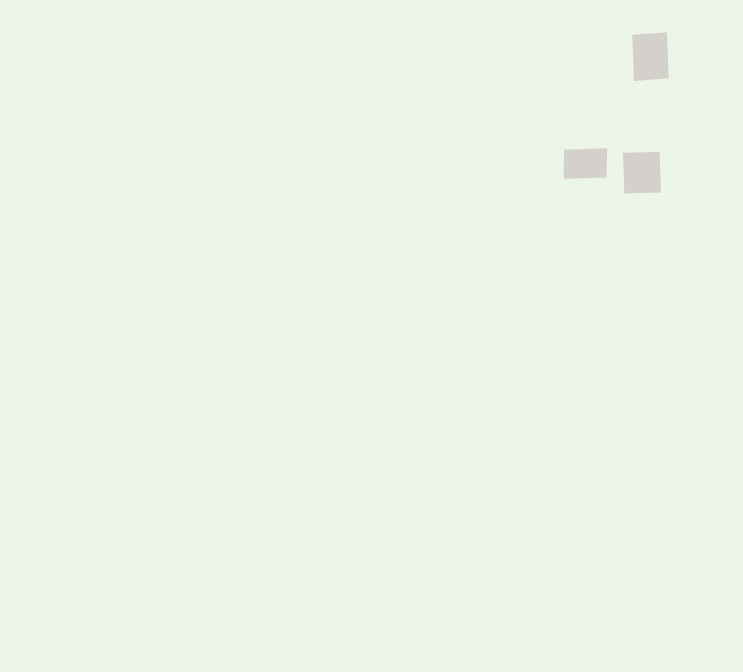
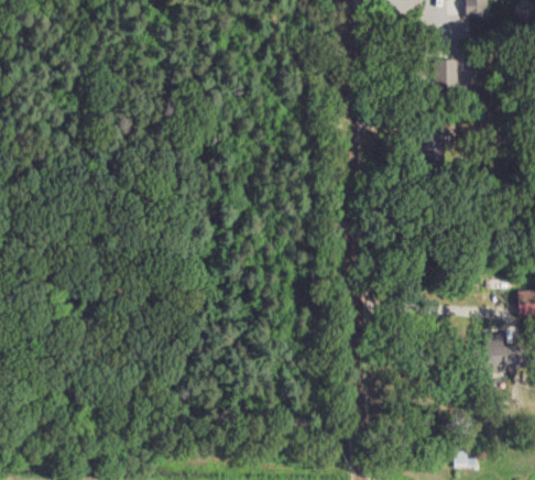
building: [563,148,608,180] -> none

